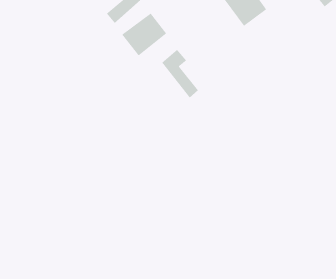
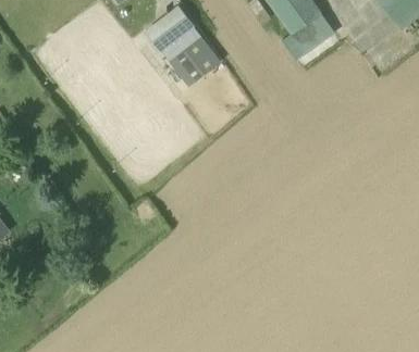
building: [161,49,199,99] -> none

